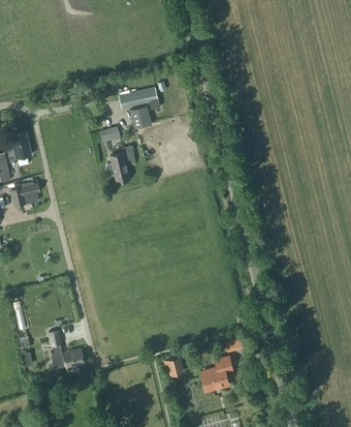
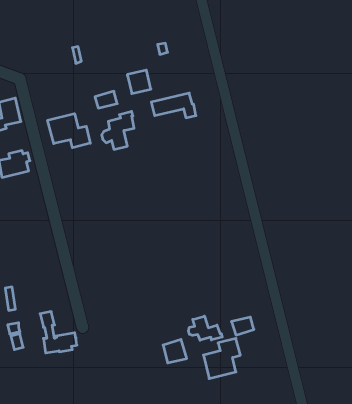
building: [119,87,160,110] -> [151,93,196,118]
building: none -> [48,114,90,148]
building: none -> [188,316,222,340]

